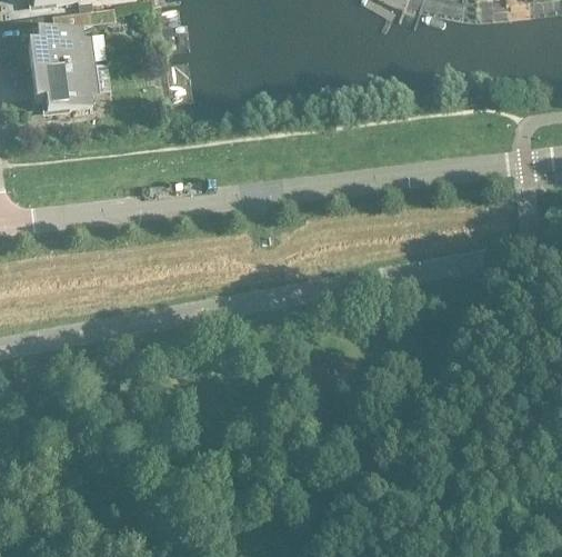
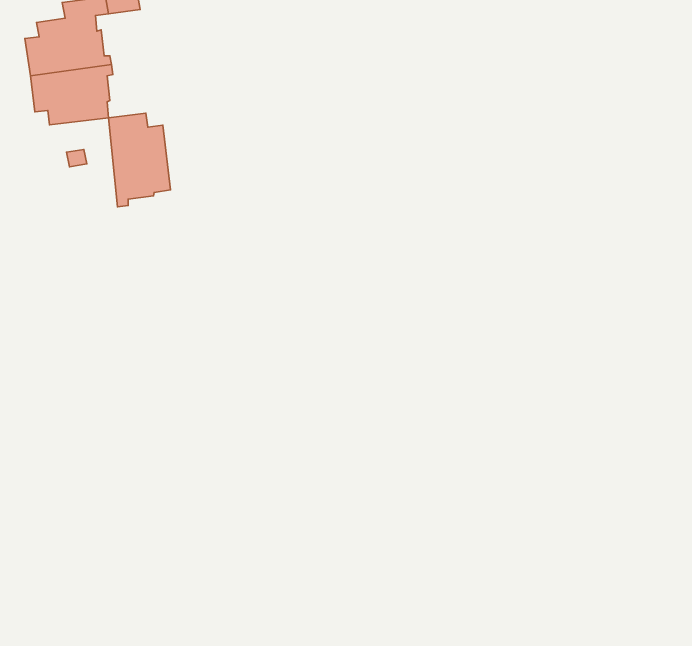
building: none -> [108,113,171,207]

